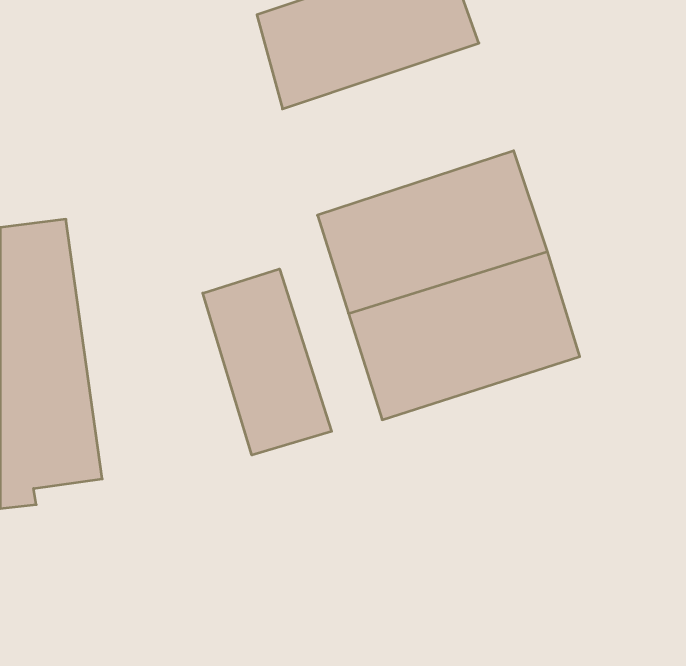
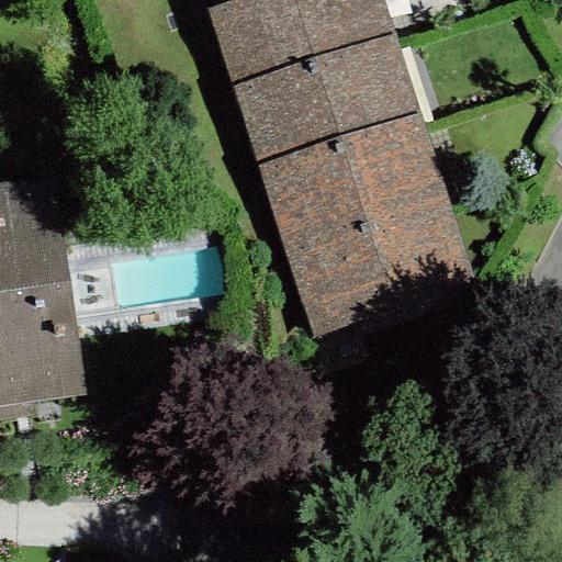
building: none -> [232,35,420,176]
building: [203,269,332,455] -> none

